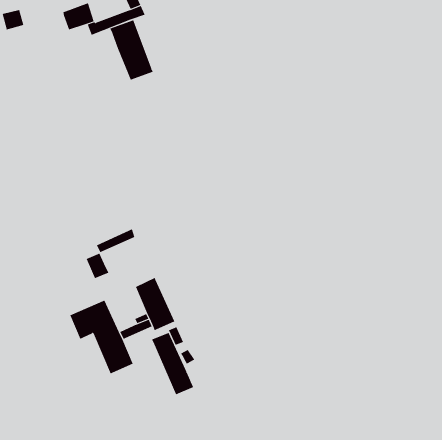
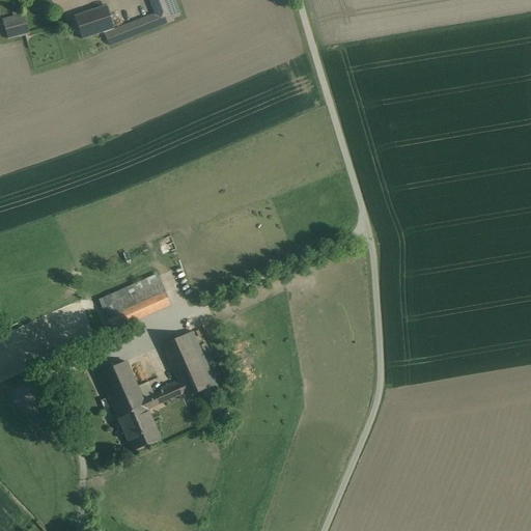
building: [110,19,154,80] -> none
building: none -> [120,284,171,320]
building: [151,332,194,395] -> none

